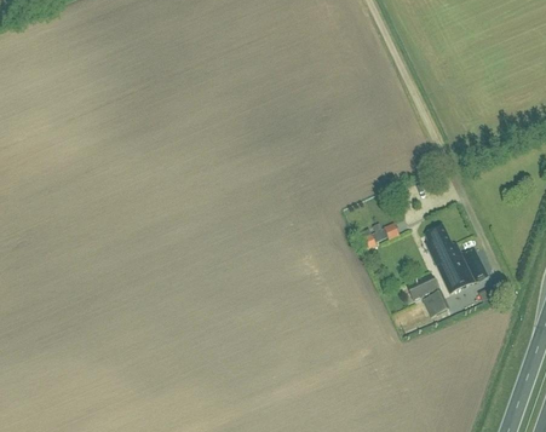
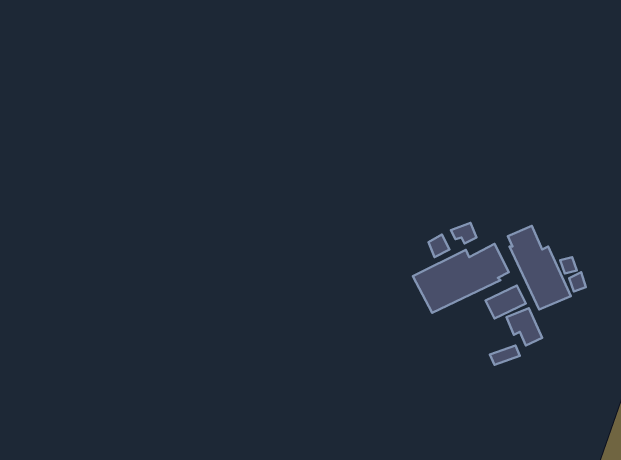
building: none -> [413,244,509,313]

